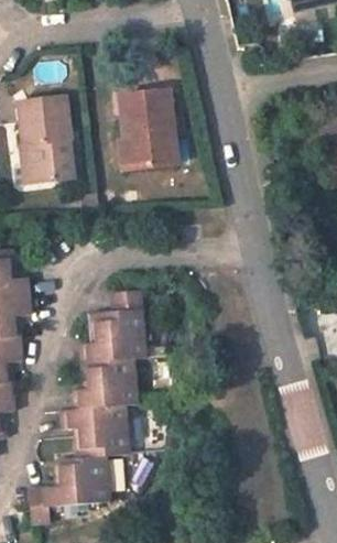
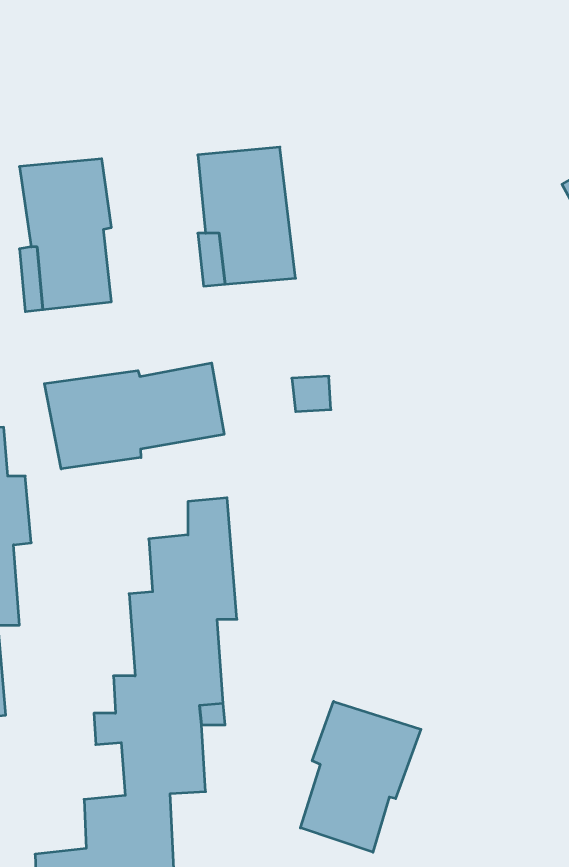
building: none -> [44,363,224,469]
building: none -> [300,701,421,852]

